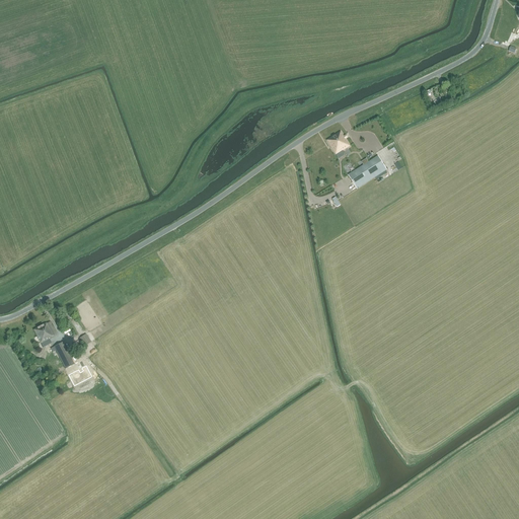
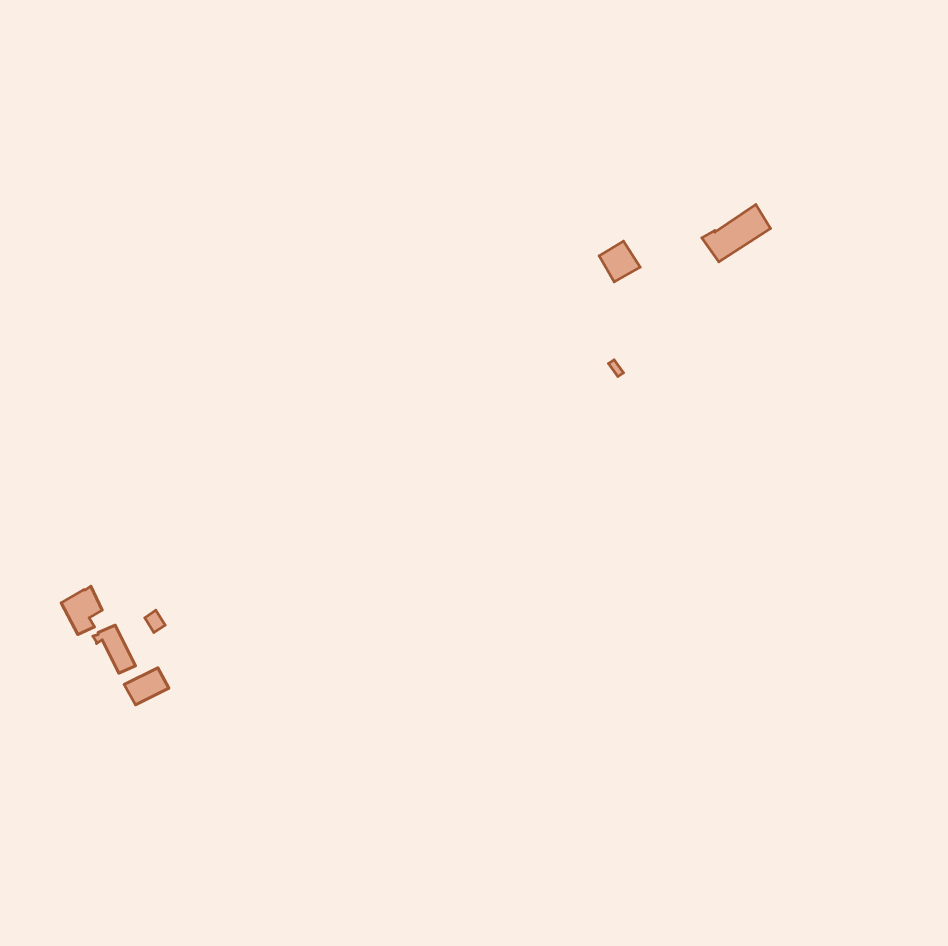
building: [349,156,386,188] -> [702,204,771,262]

